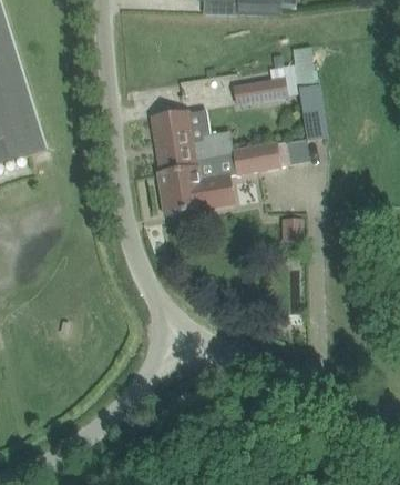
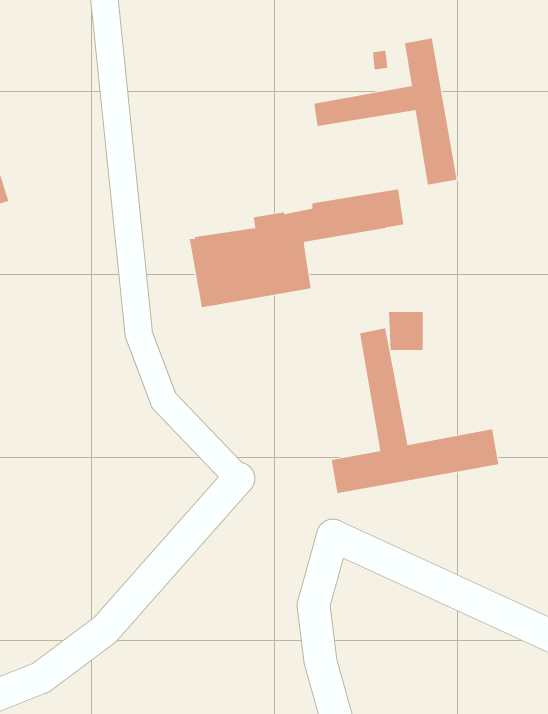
building: [152,110,258,170] -> none
building: none -> [331,328,499,494]

